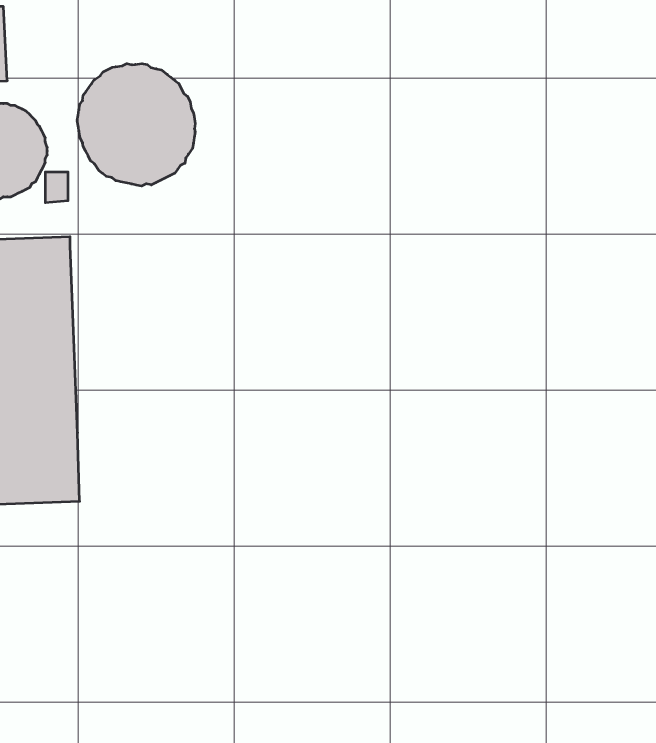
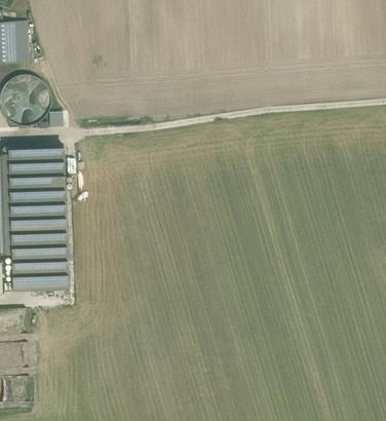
building: [77,64,195,186] -> none

